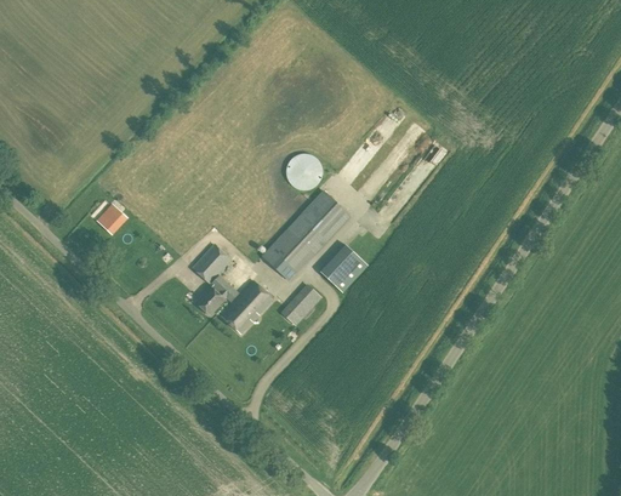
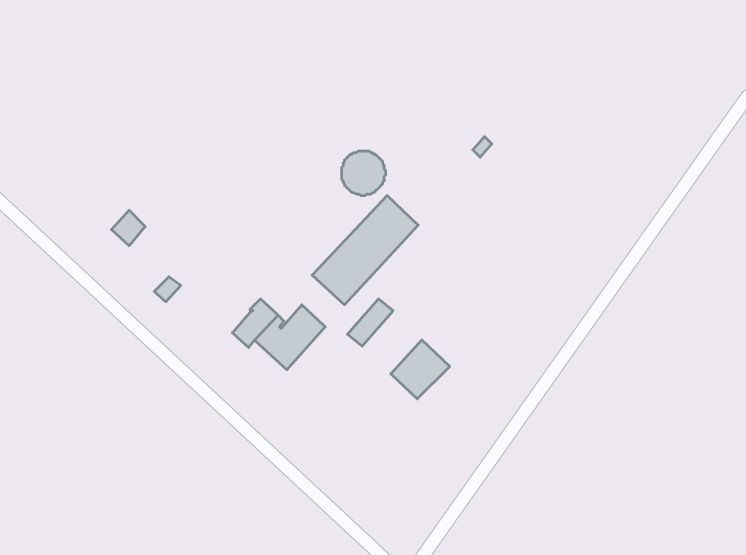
building: [319,244,368,292] -> [391,340,450,399]
building: [192,245,229,284] -> none

